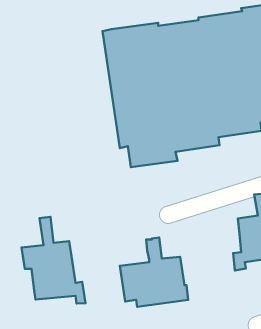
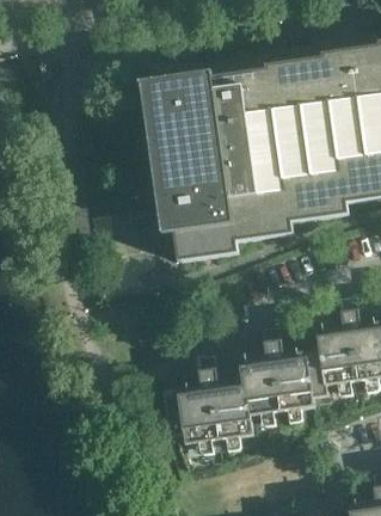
building: none -> [238,327,320,417]
building: [22,217,85,304] -> none

